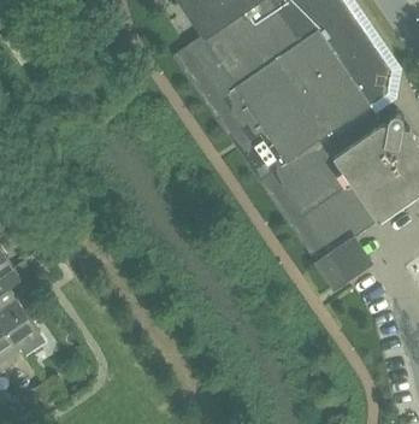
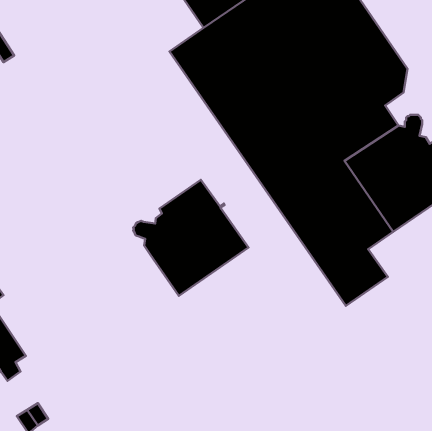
building: none -> [133,180,248,296]

